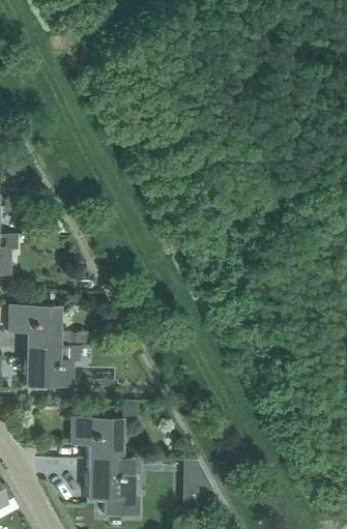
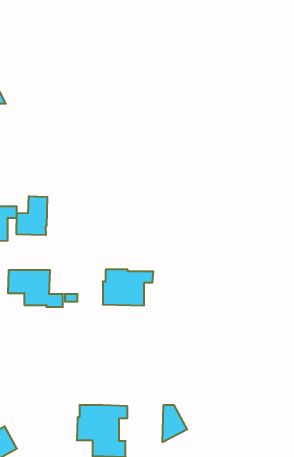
building: none -> [17,196,47,235]
building: [25,346,82,386] -> [103,270,153,305]
building: [71,418,120,459] -> none

